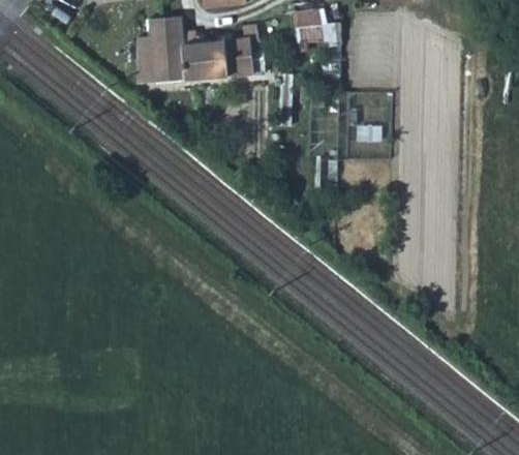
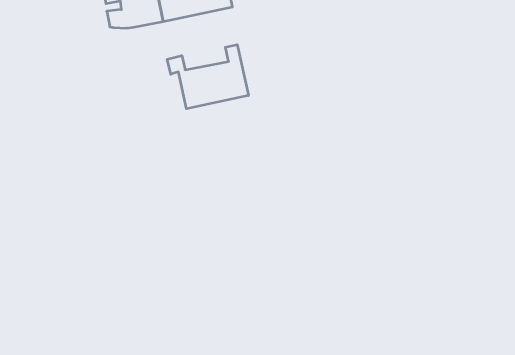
building: none -> [167,45,248,109]

